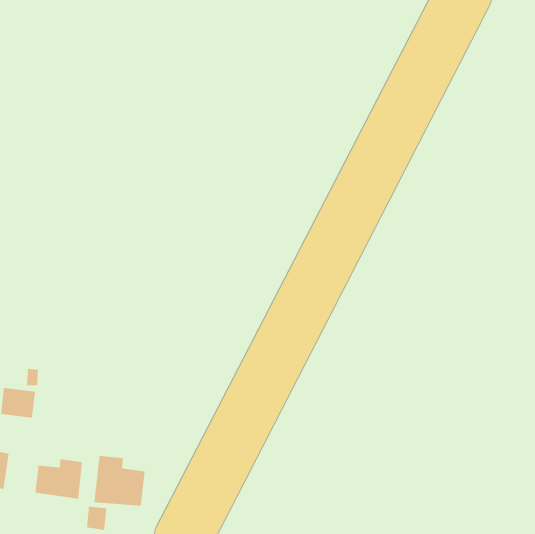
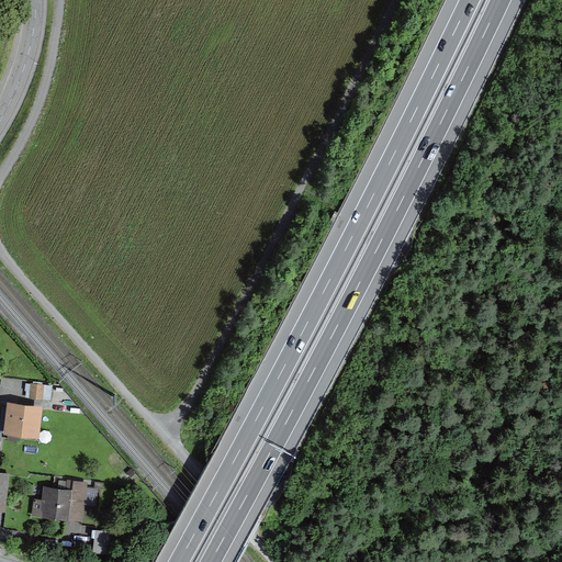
building: [94,455,145,506] -> none

